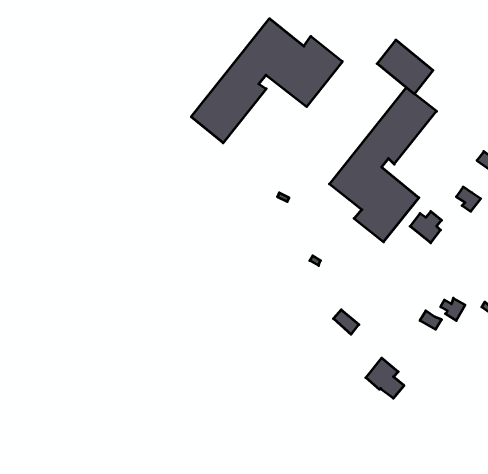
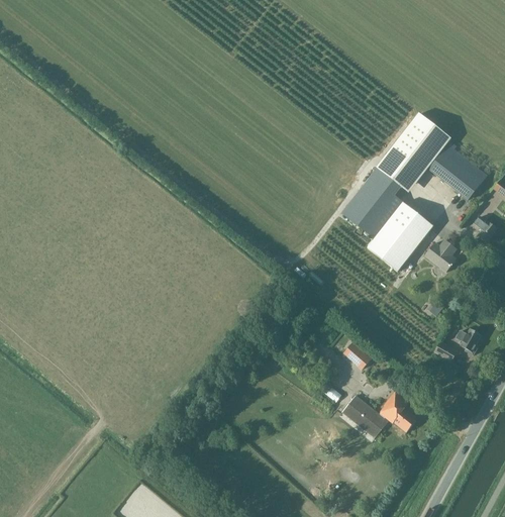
building: [191,19,342,143] -> none
building: [377,40,433,94] -> [428,143,486,199]
building: none -> [340,396,387,438]

